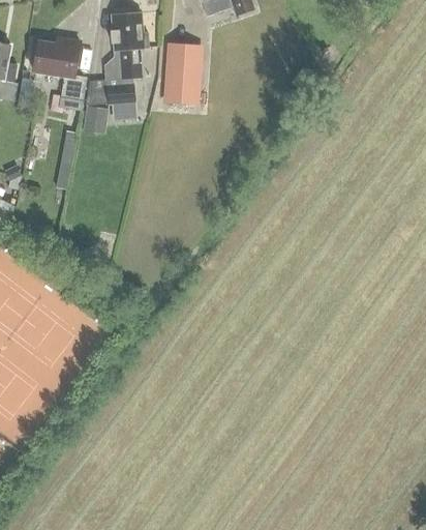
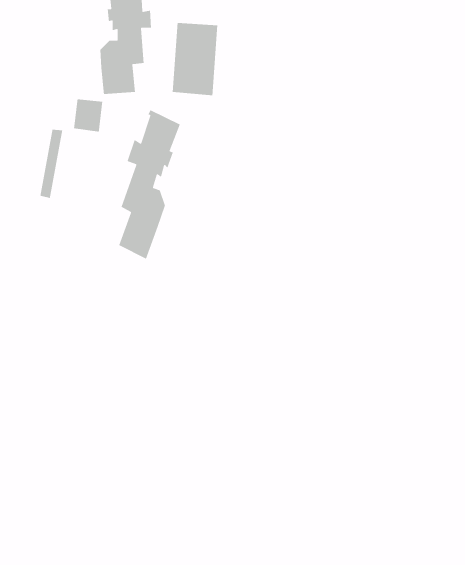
building: [33,38,87,110] -> none
building: none -> [118,109,181,260]

